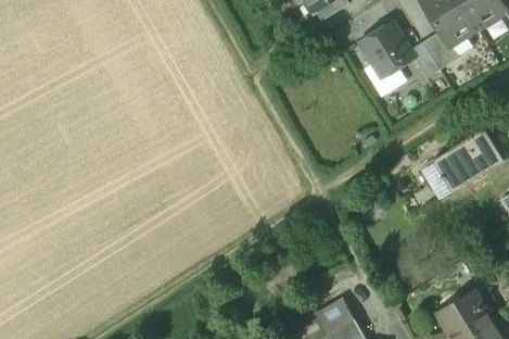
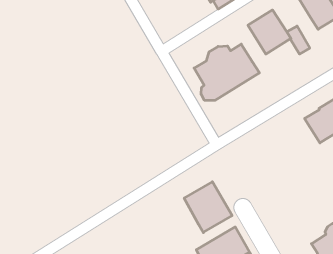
building: [422,30,458,70] -> none
building: none -> [194,44,259,100]
building: none -> [184,182,232,233]

